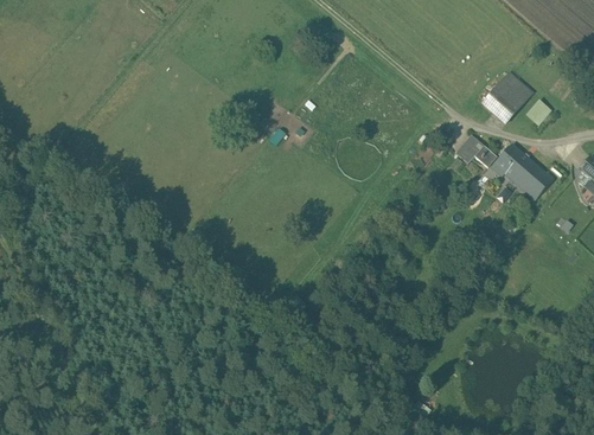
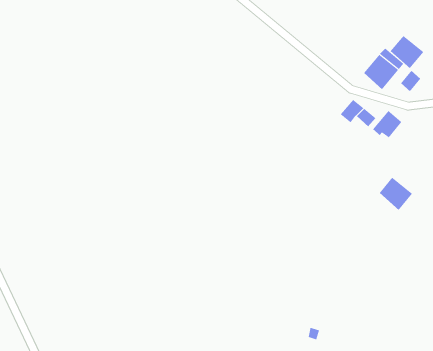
building: none -> [390,35,424,69]
building: [512,160,553,200] -> [379,177,413,211]

